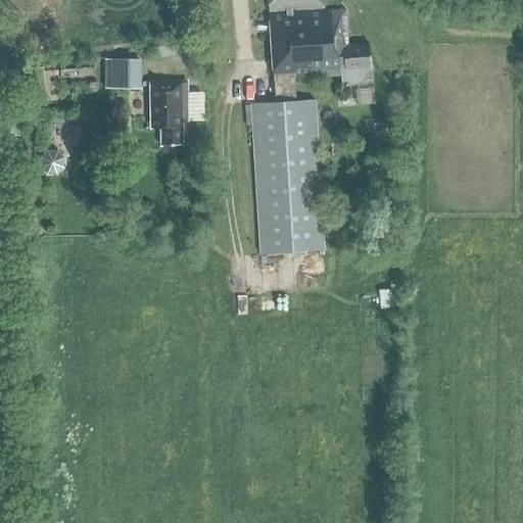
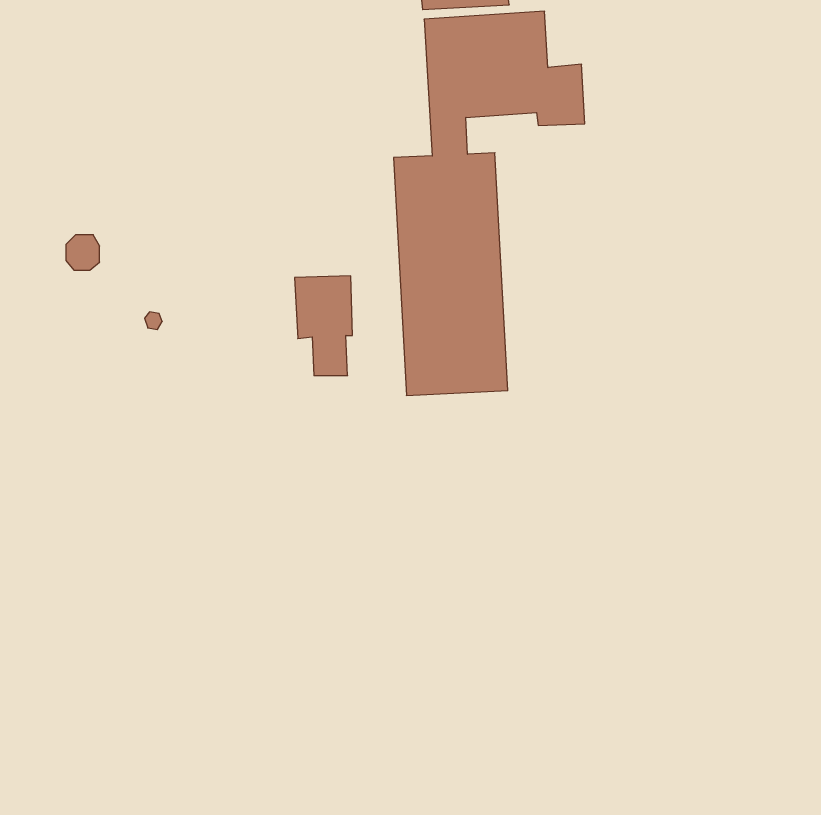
building: [104,65,140,95] -> none
building: [149,81,186,144] -> [295,276,352,376]

